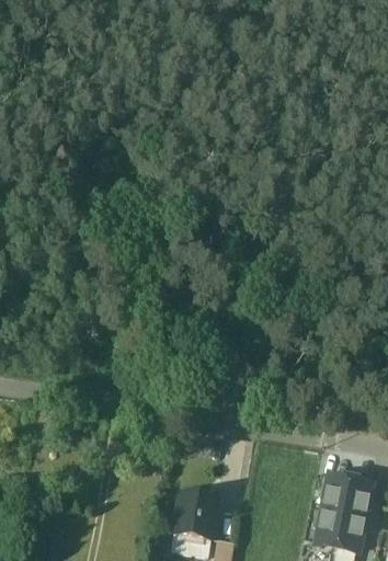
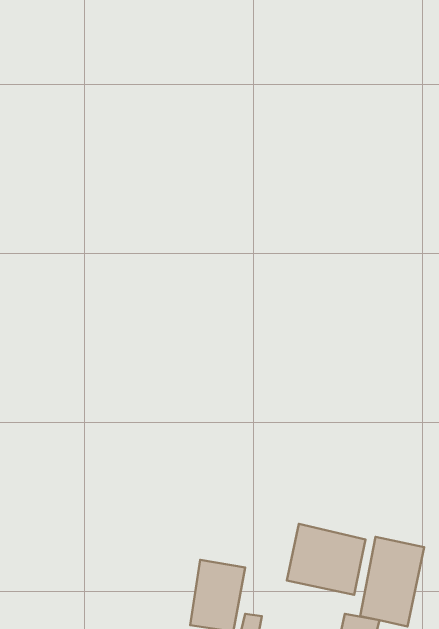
building: none -> [287,524,366,595]

